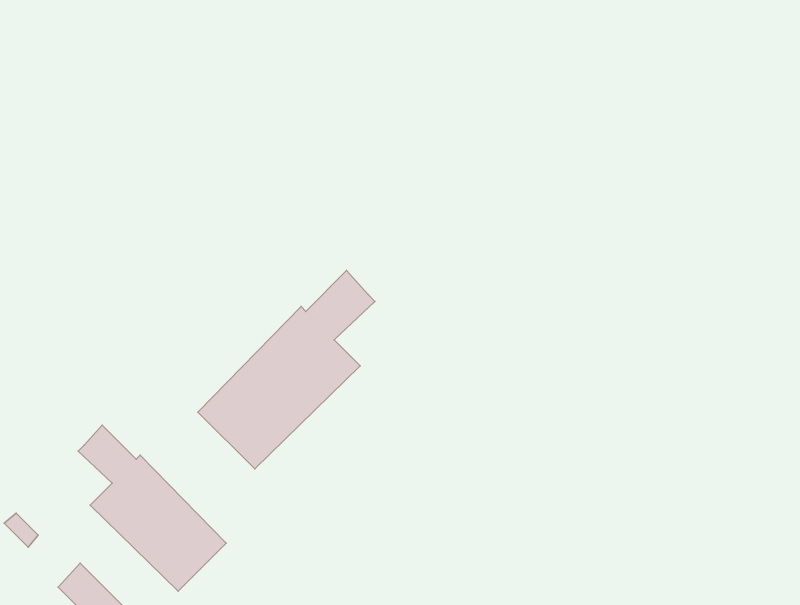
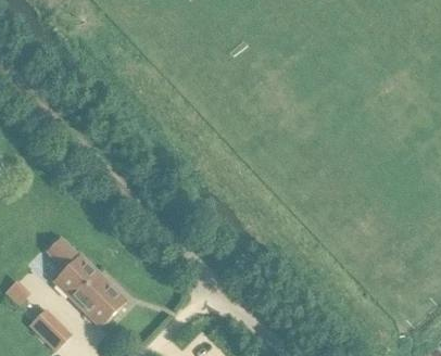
building: [198,271,375,469] -> none

